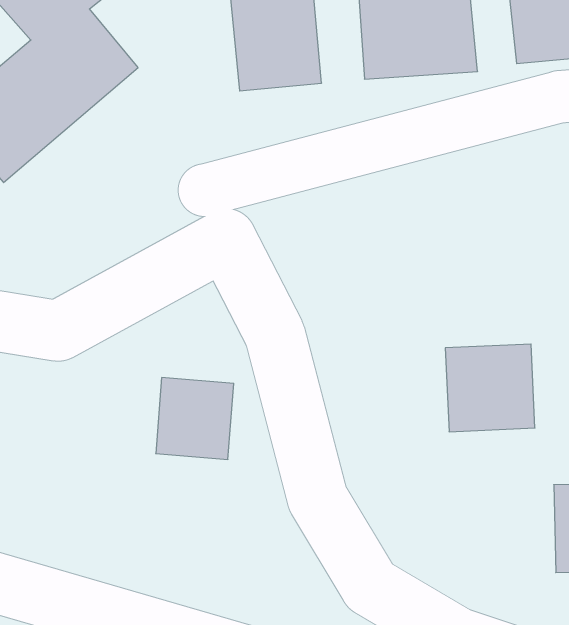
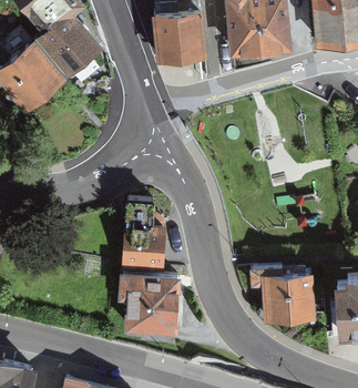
building: [445,344,535,432] -> [264,275,315,325]
building: none -> [117,279,174,339]

